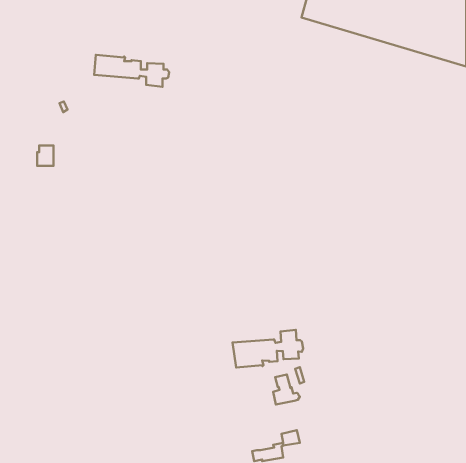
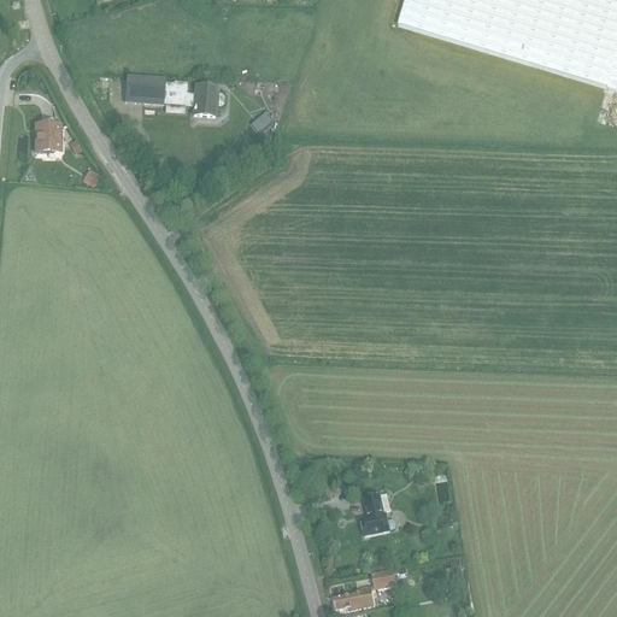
building: [37,146,54,166] -> [36,123,58,149]
building: [232,330,303,368] -> none

